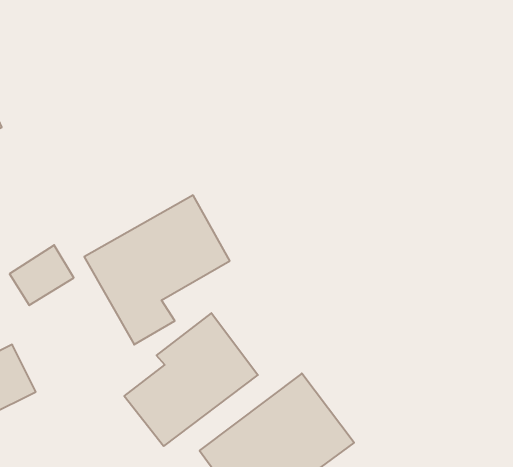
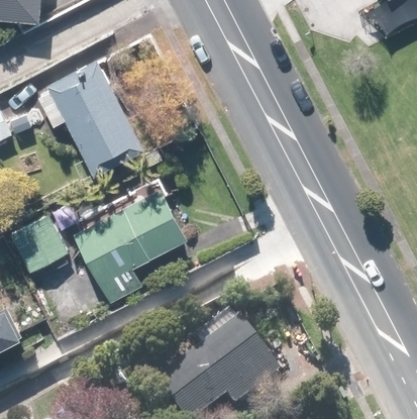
building: none -> [31,59,140,171]
building: [124,313,258,446] -> none

